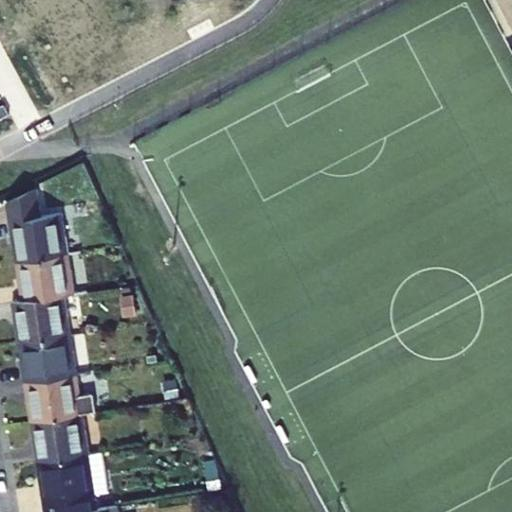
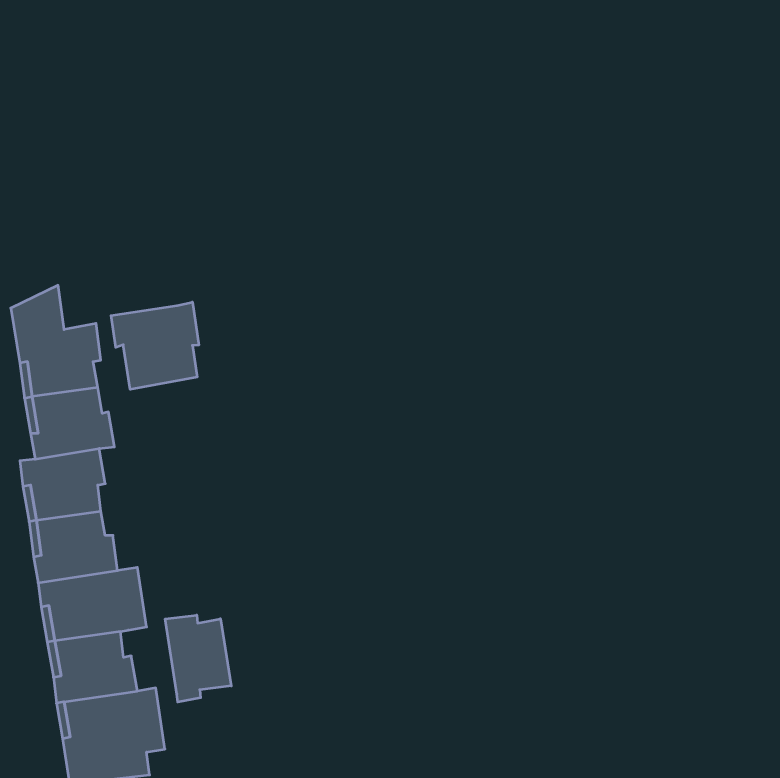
building: none -> [111,302,199,389]
building: none -> [165,615,231,702]

